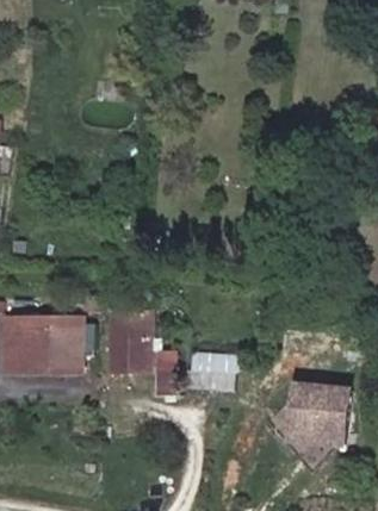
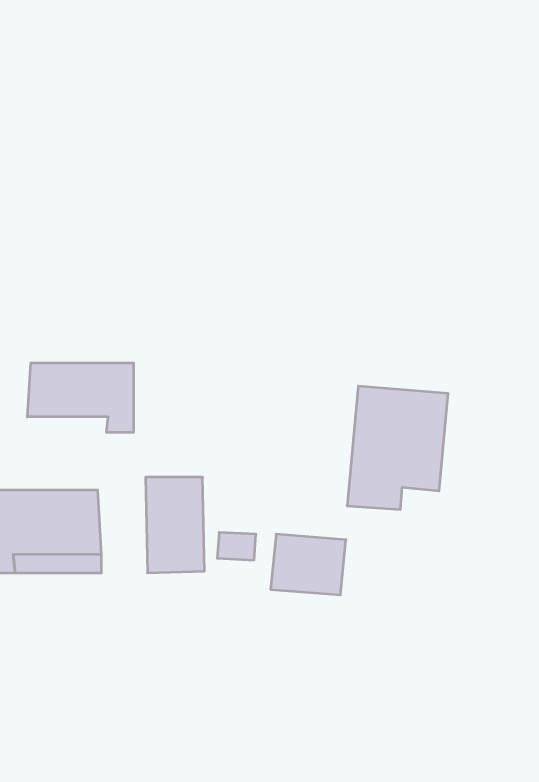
building: none -> [27,363,133,432]
building: [285,378,351,457] -> [347,386,448,509]

